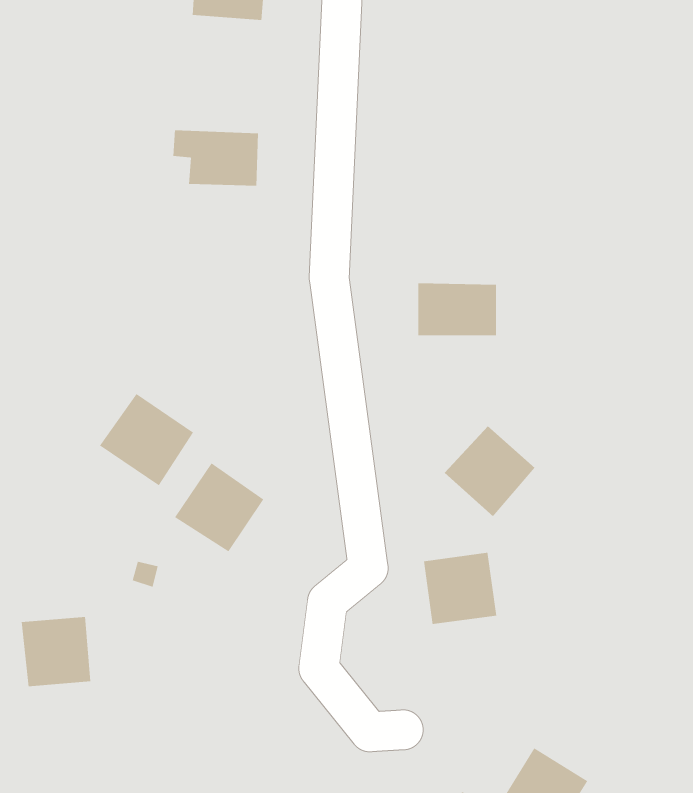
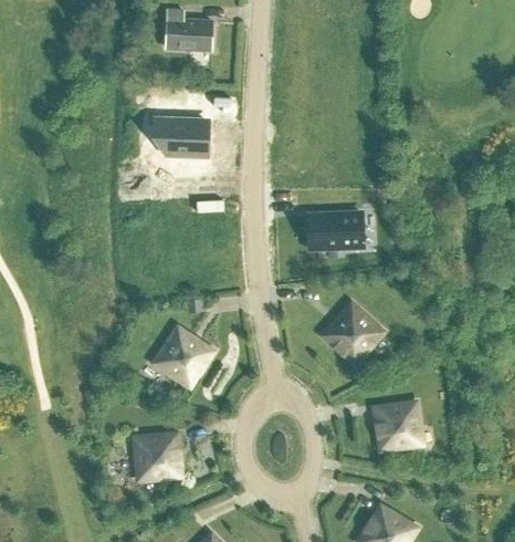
building: [99,393,194,486] -> none
building: [423,552,497,624] -> [374,402,420,447]
building: [21,616,91,687] -> [134,432,178,477]

